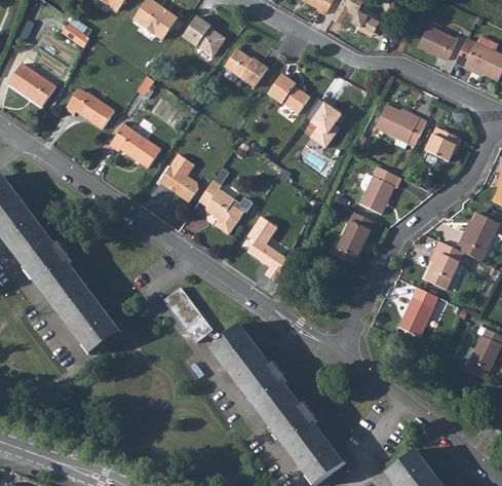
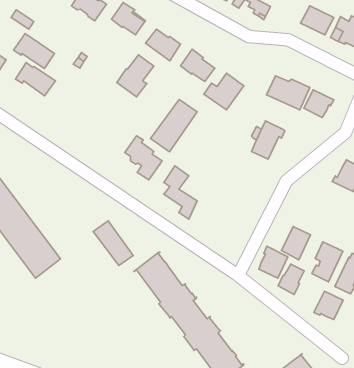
building: none -> [117,55,154,97]
building: [109,126,159,170] -> [14,33,54,68]
building: none -> [151,100,197,152]
building: [160,154,199,202] -> none
building: [330,217,366,262] -> none
building: [421,238,459,288] -> [312,242,343,282]
building: none -> [259,246,288,278]
building: none -> [278,264,304,294]
building: none -> [314,291,343,319]

